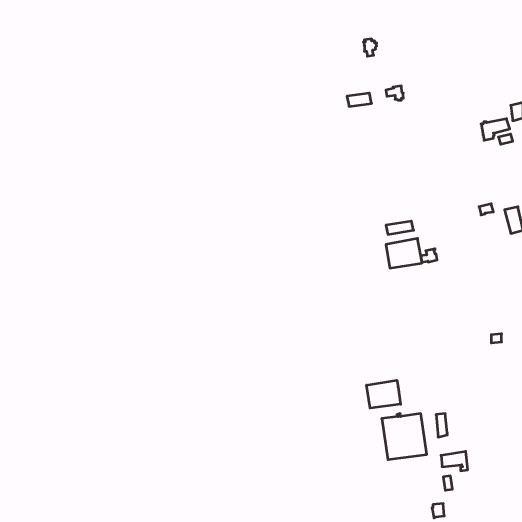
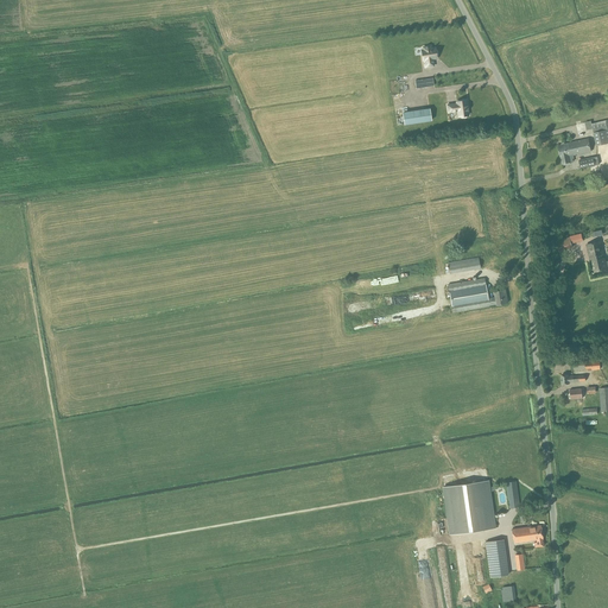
building: [367,380,401,408] -> none
building: none -> [486,538,508,576]

